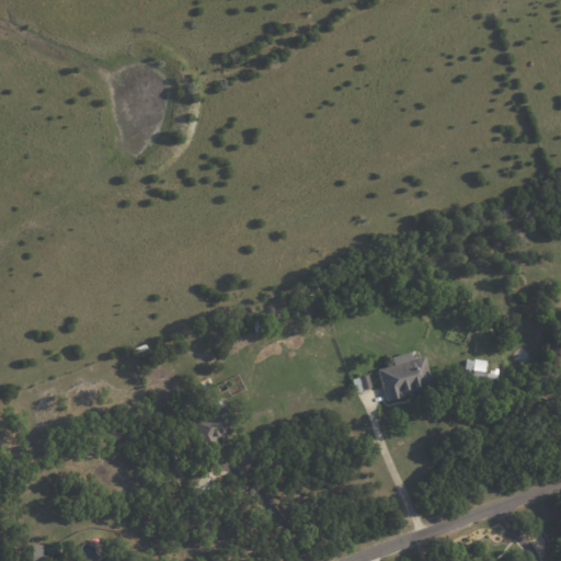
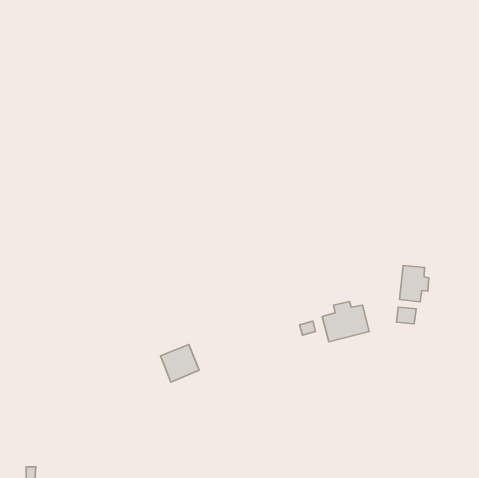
building: none -> [400,265,429,302]

